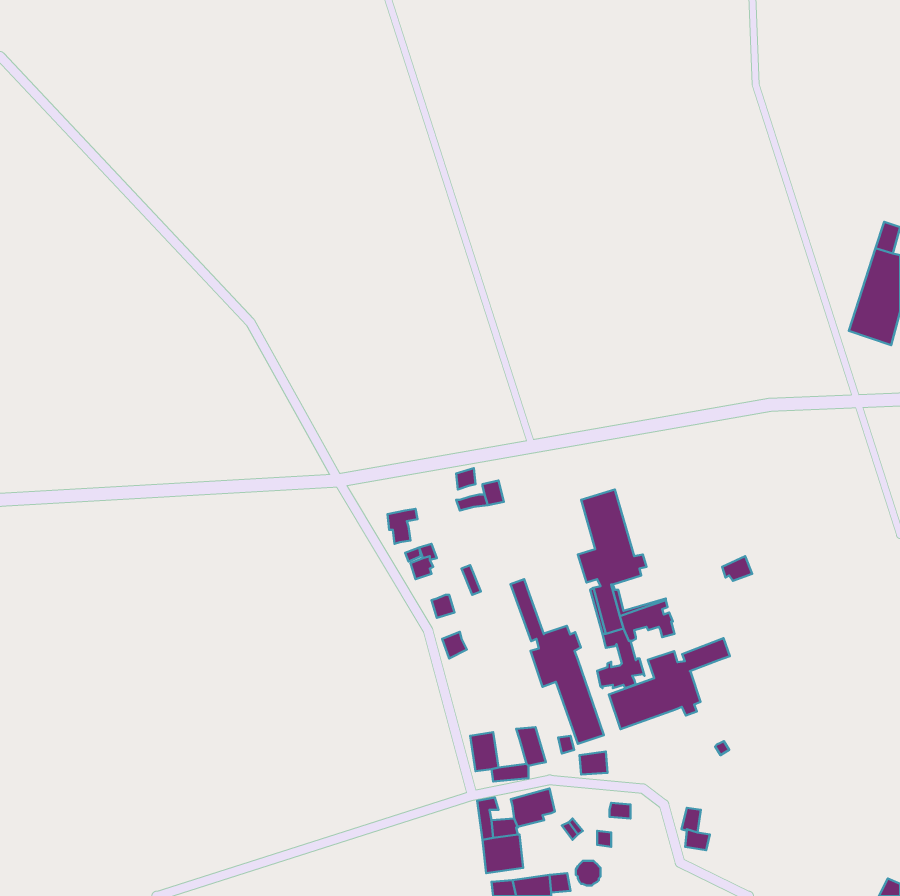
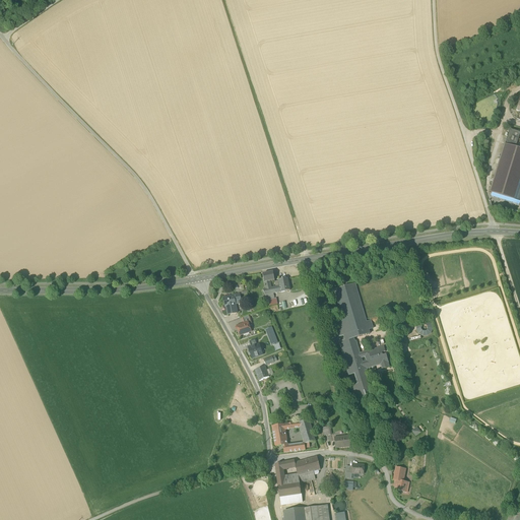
building: [511,579,604,744] -> none
building: [609,638,730,729] -> none

